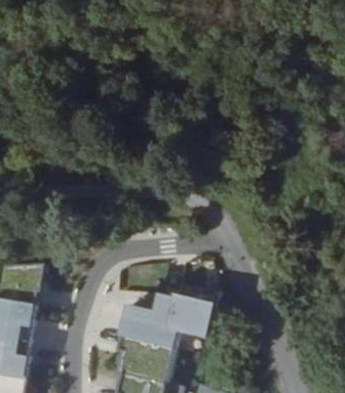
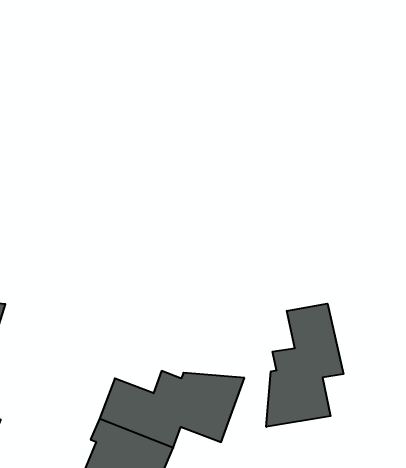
building: none -> [266,304,343,427]

